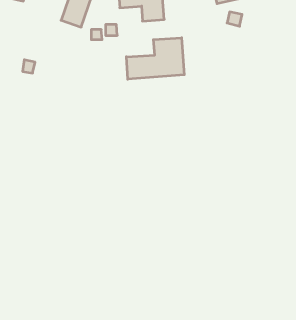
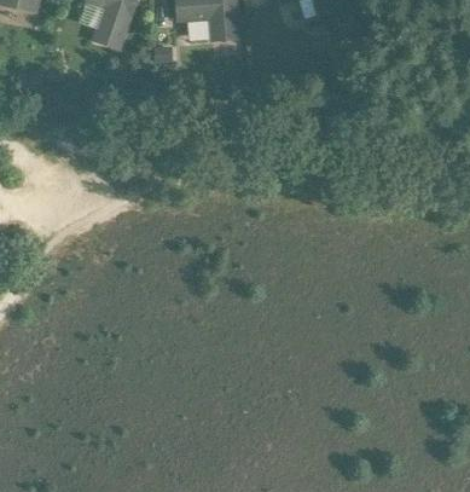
building: [126,38,184,79] -> none

